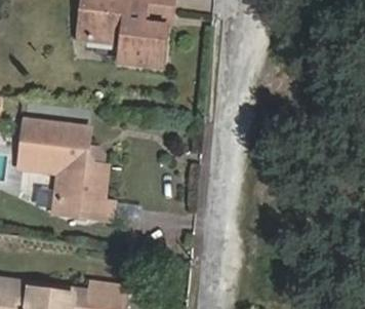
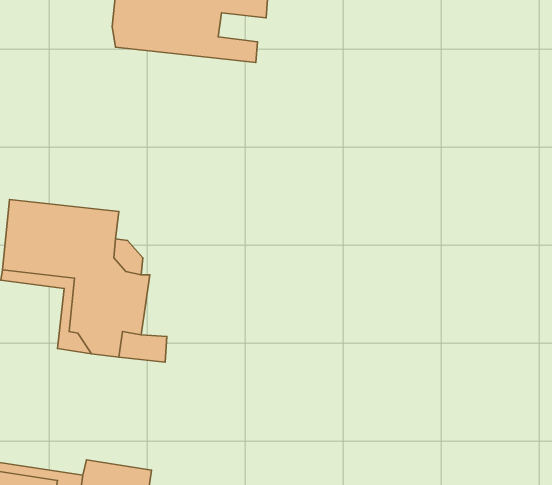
building: [89,30,173,66] -> none

